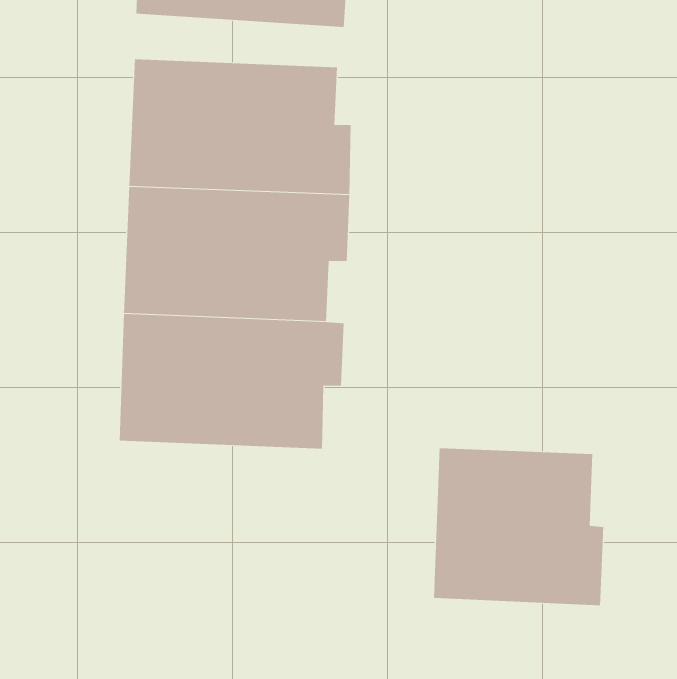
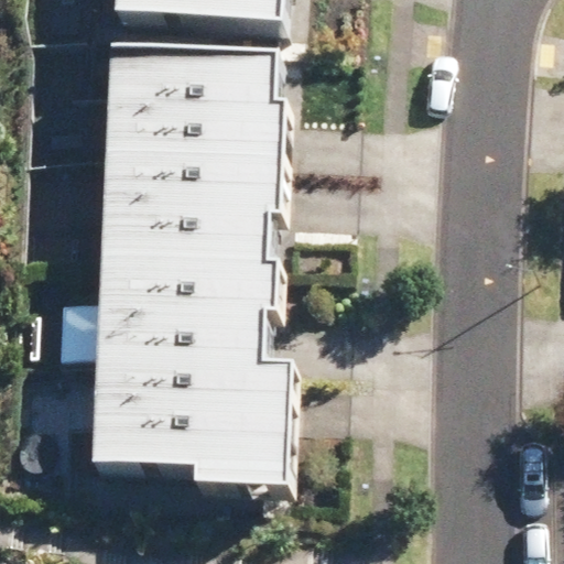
building: none -> [91,355,291,479]
building: [433,447,604,606] -> none

